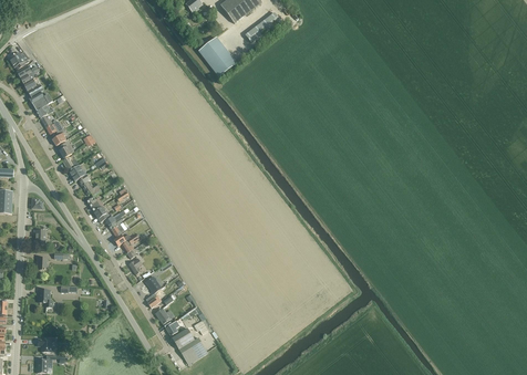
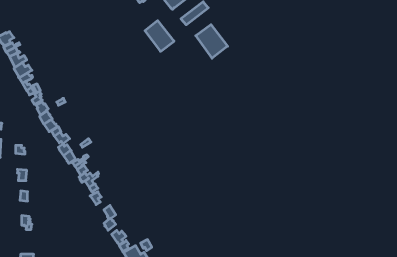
building: none -> [196,25,228,58]

